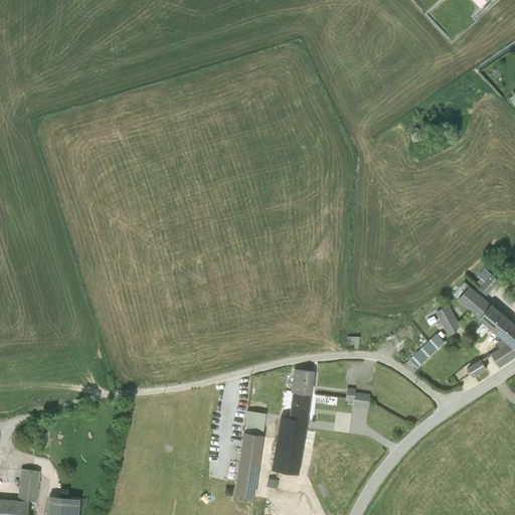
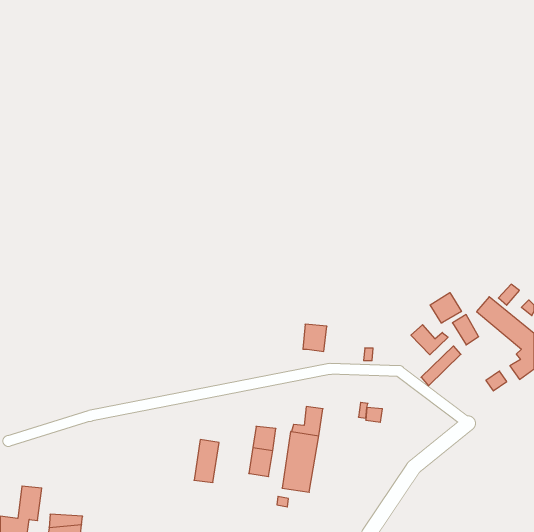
building: none -> [430,293,461,323]
building: none -> [411,325,448,355]
building: [291,369,314,395] -> [303,324,327,351]
building: [234,458,259,499] -> [194,440,219,482]

